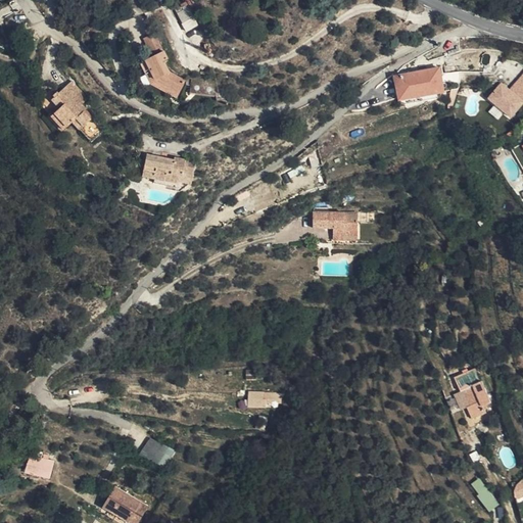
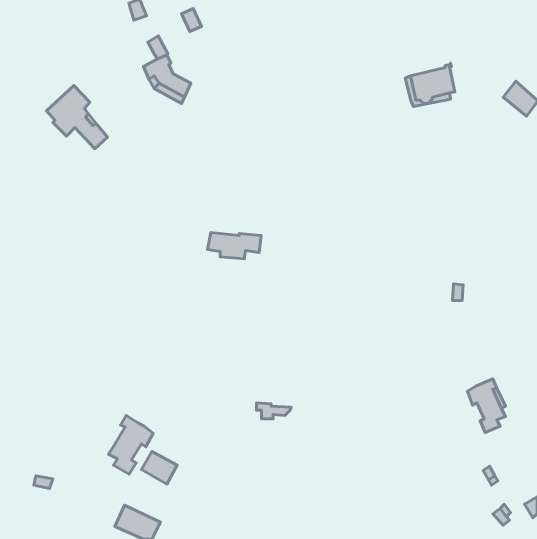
building: [147,158,199,184] -> [208,232,261,259]
building: [310,213,354,235] -> none
building: none -> [108,416,153,474]

